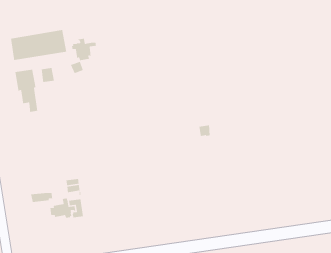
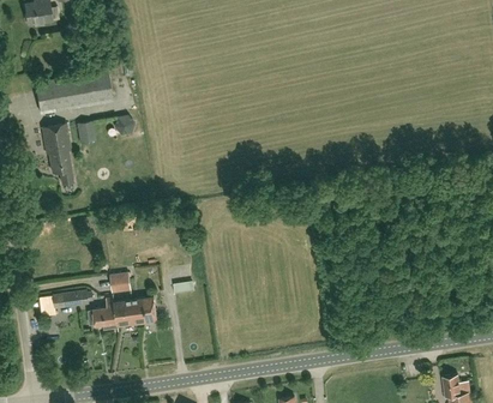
building: [71,38,97,61] -> none
building: none -> [131,296,156,325]

